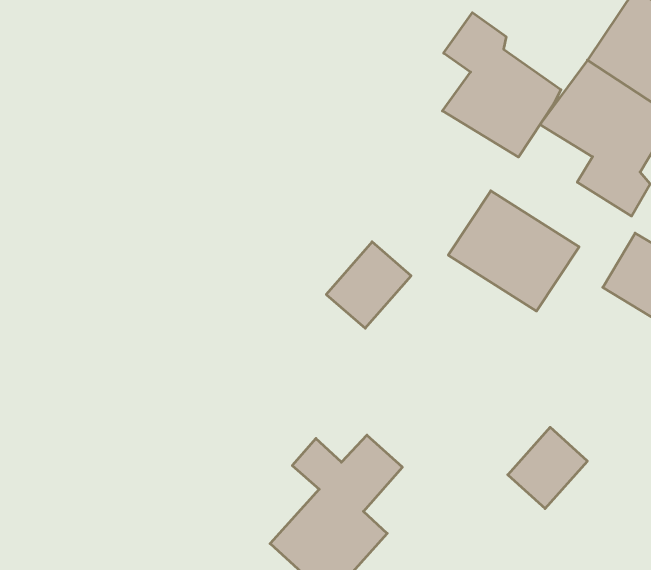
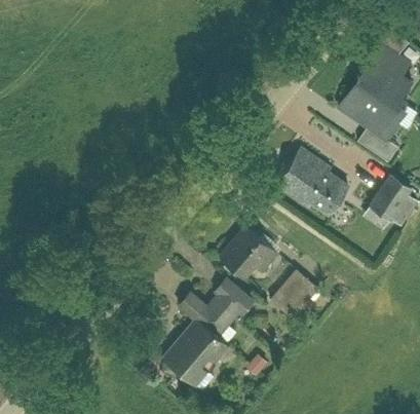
building: [442,13,561,157] -> none
building: [326,242,411,328] -> [221,232,272,285]
building: [508,427,587,509] -> [269,266,317,315]

